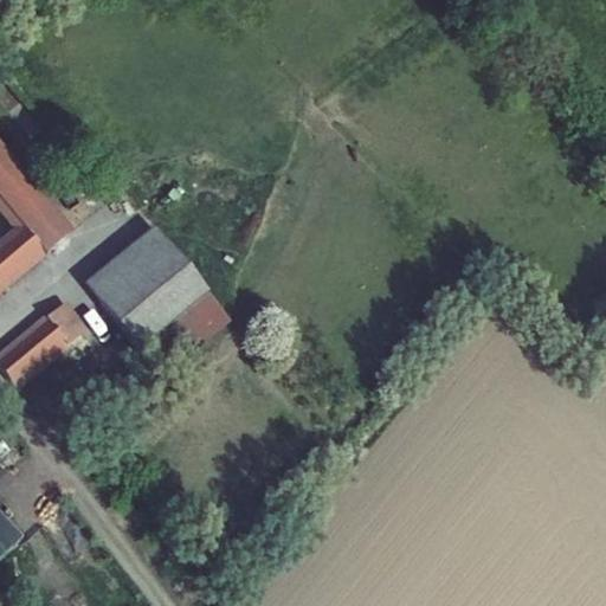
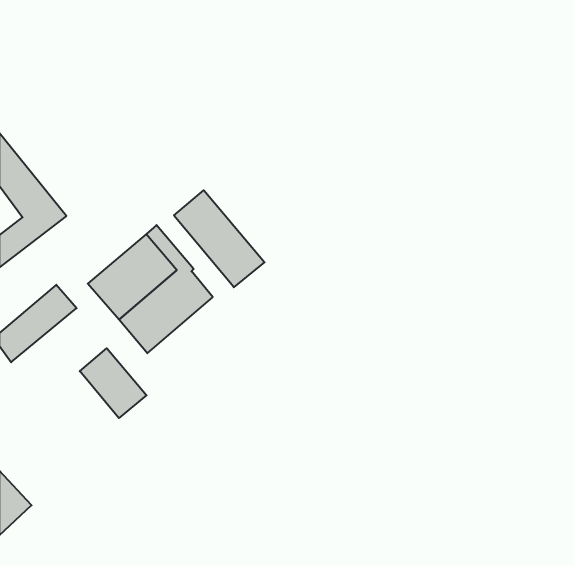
building: none -> [174,190,265,287]
building: none -> [80,348,147,418]

